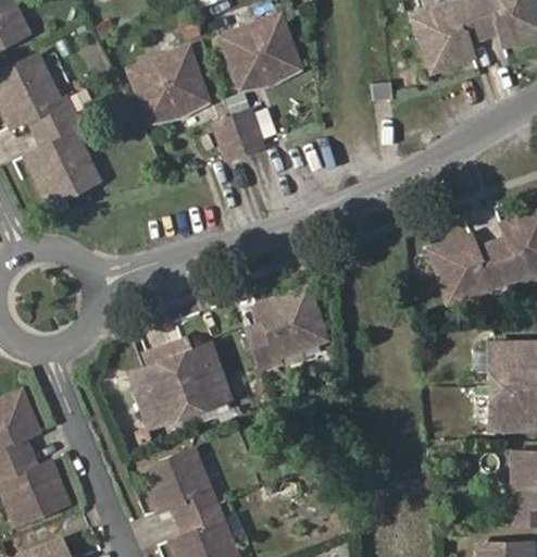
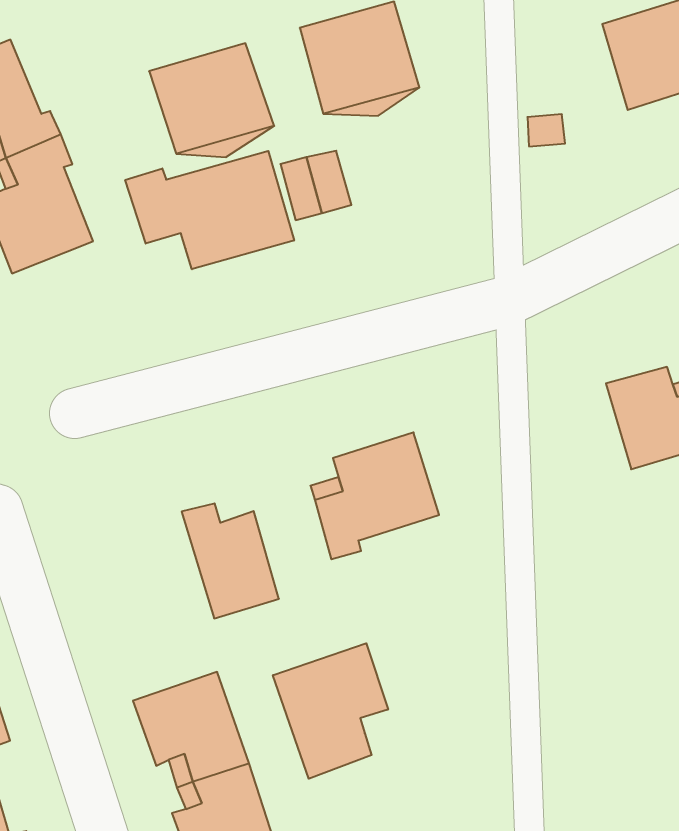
building: none -> [125,151,294,269]
building: [132,346,191,426] -> none
building: none -> [273,643,388,779]

